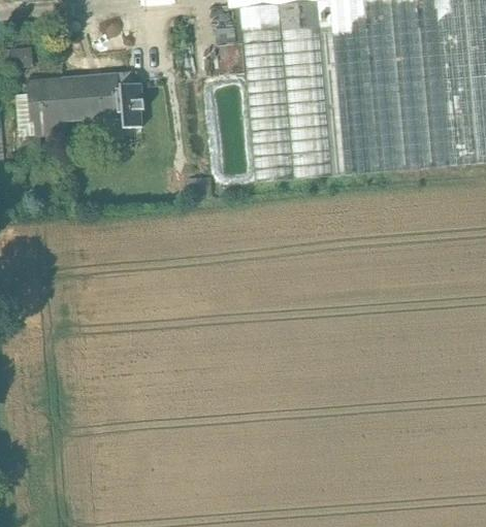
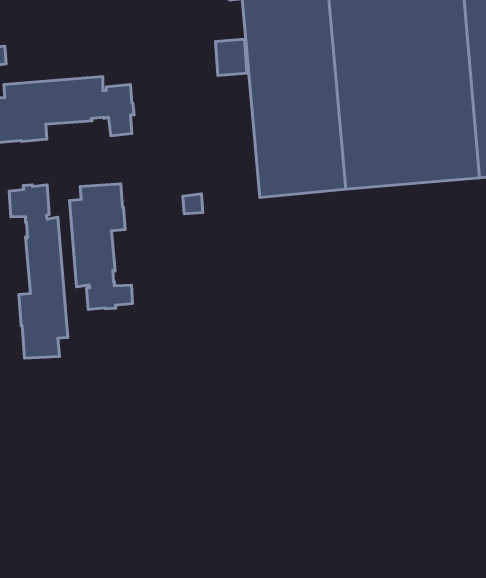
building: none -> [69,184,132,310]
building: none -> [9,185,68,358]

